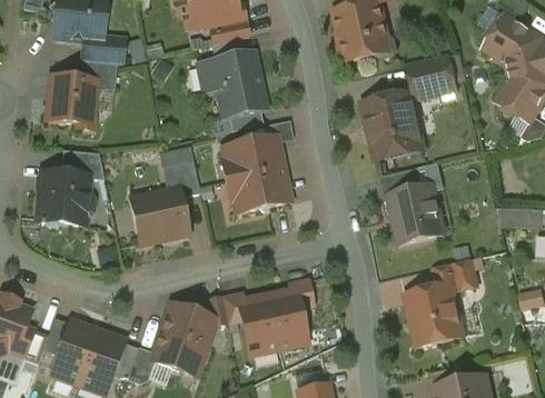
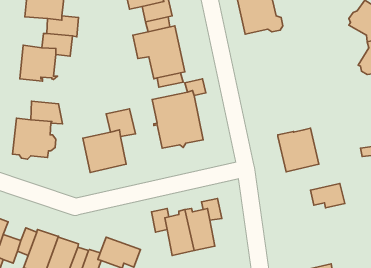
building: [408,56,454,99] -> none
building: [363,91,423,157] -> none
building: [380,167,424,196] -> none
building: [406,283,464,346] -> none
building: [161,302,215,346] -> none

